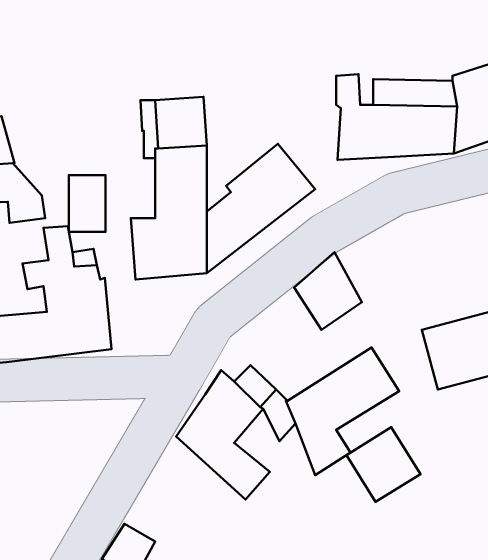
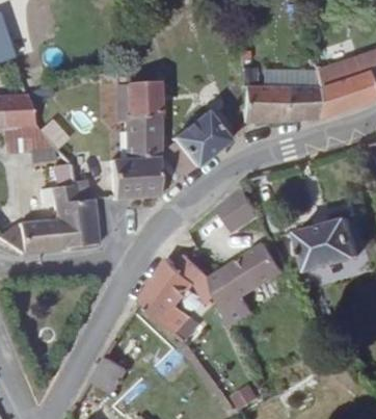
building: [69,175,106,232] -> none
building: [347,427,420,502] -> none

